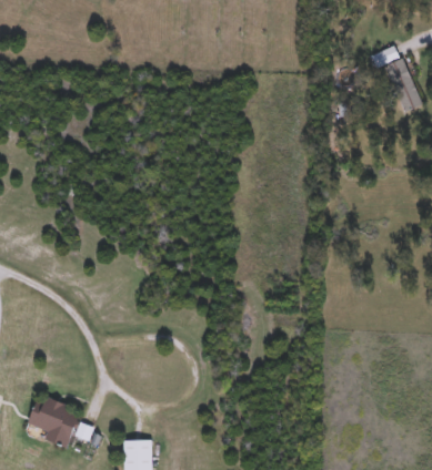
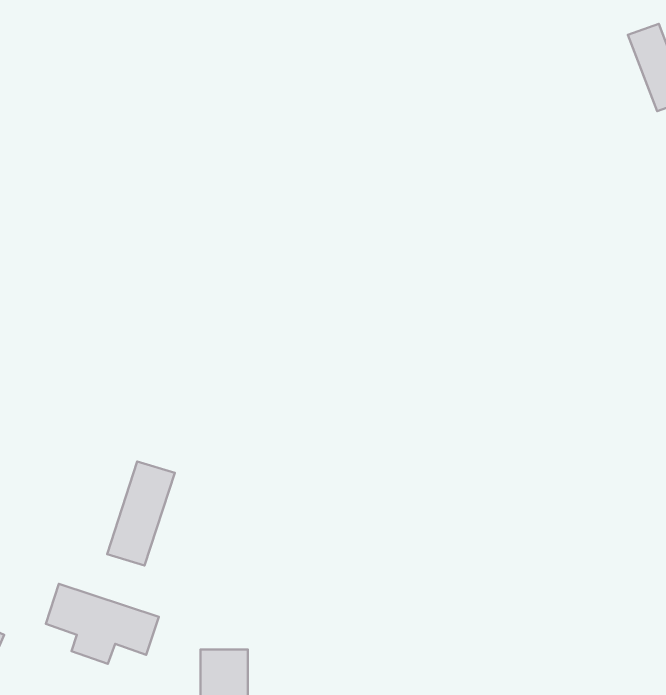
building: none -> [107,462,175,565]

